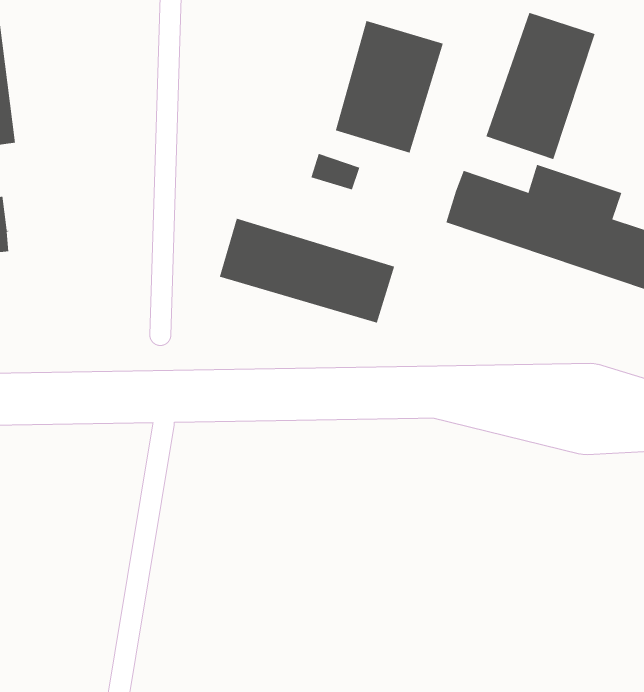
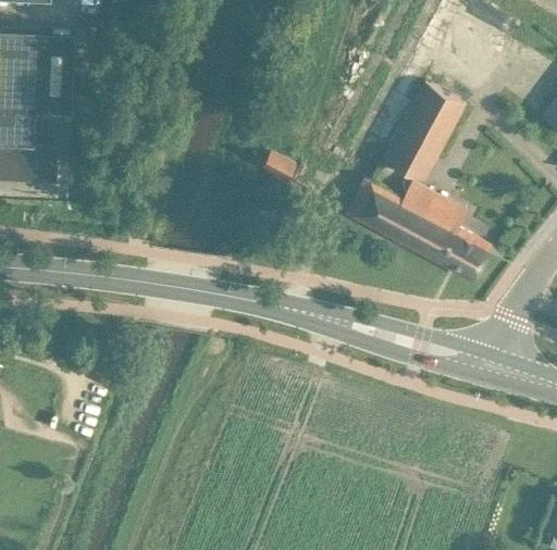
building: [335,20,443,154] -> none
building: [219,218,395,324] -> none

